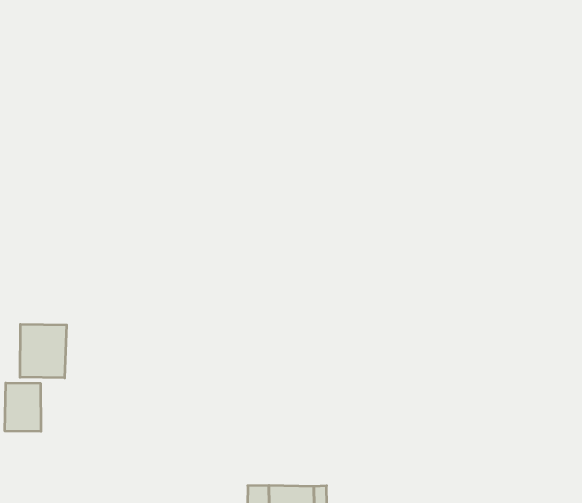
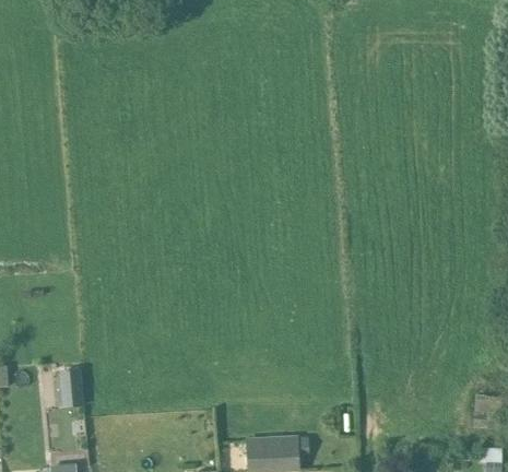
building: [20,324,67,378] -> none

